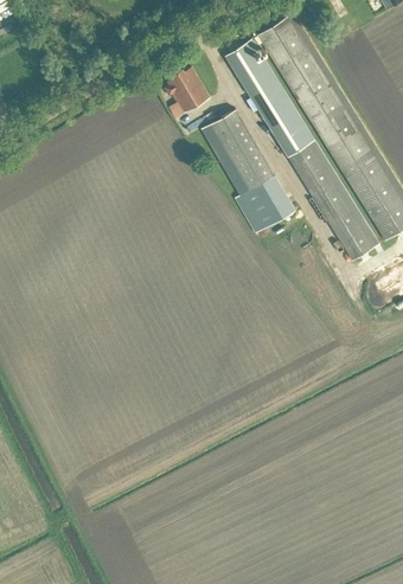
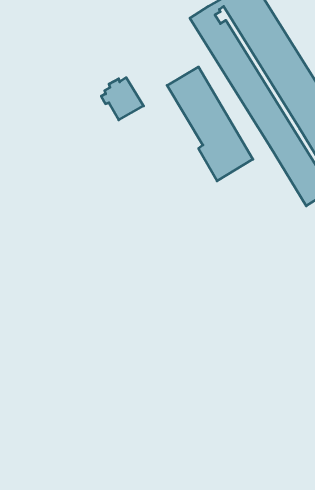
building: [164,68,210,114] -> [101,78,144,120]

